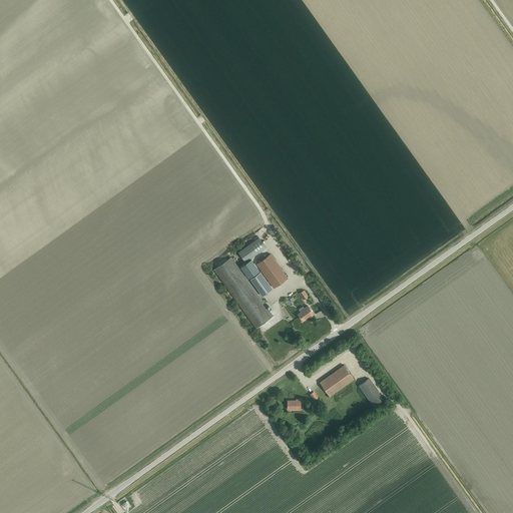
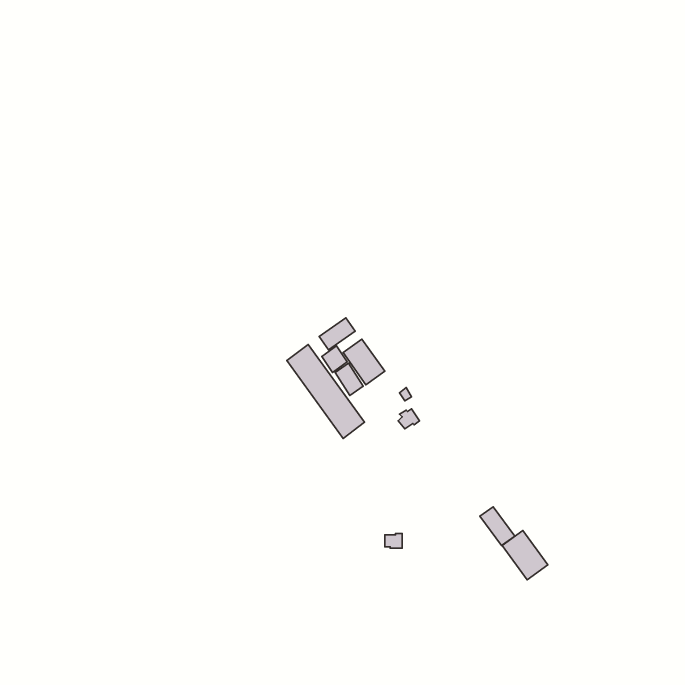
building: [320,365,354,396] -> none
building: none -> [502,530,548,580]

